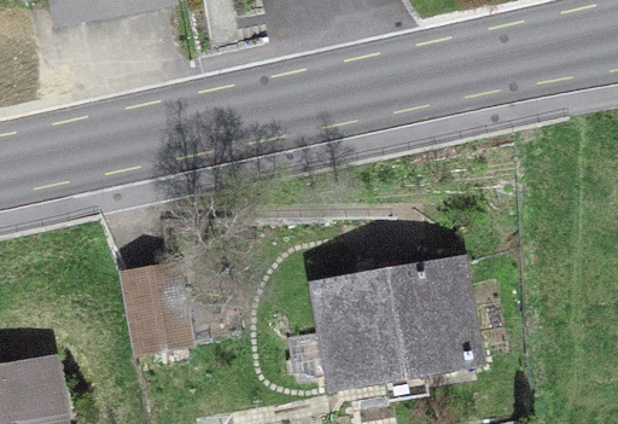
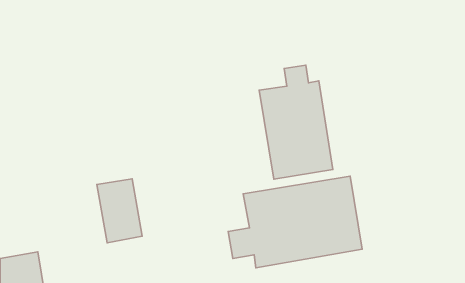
building: none -> [259,65,333,179]

